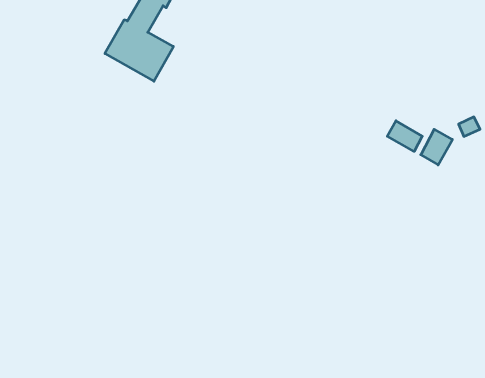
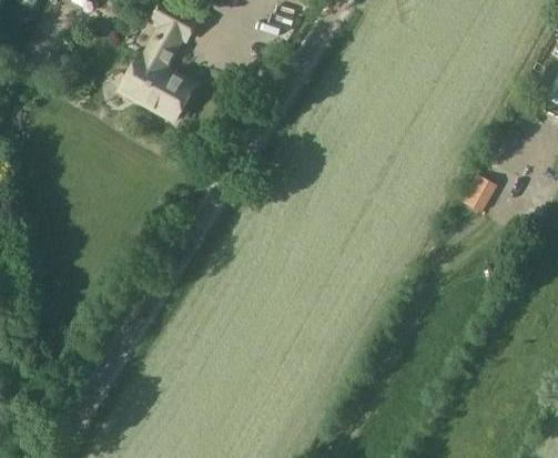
building: [387,121,422,151] -> none

